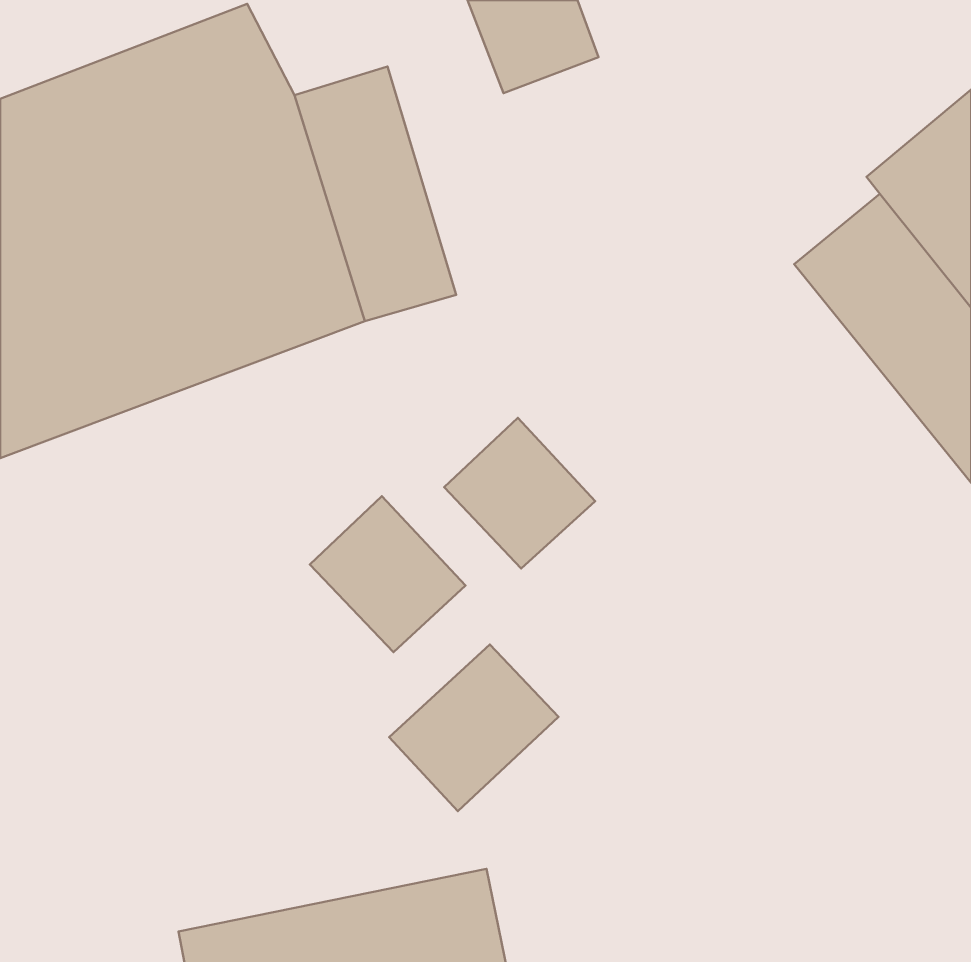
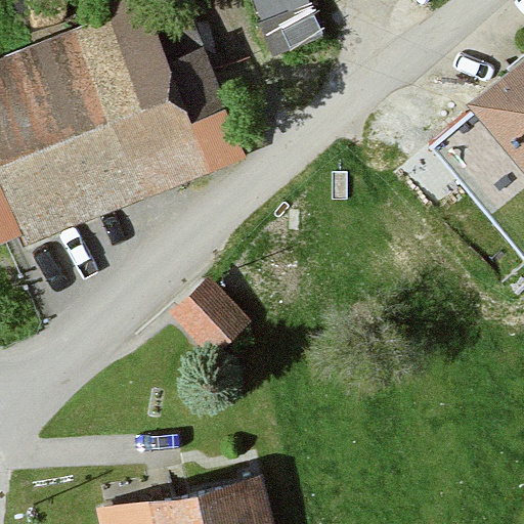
building: [444,418,595,568] -> none
building: [389,645,559,811] -> none

